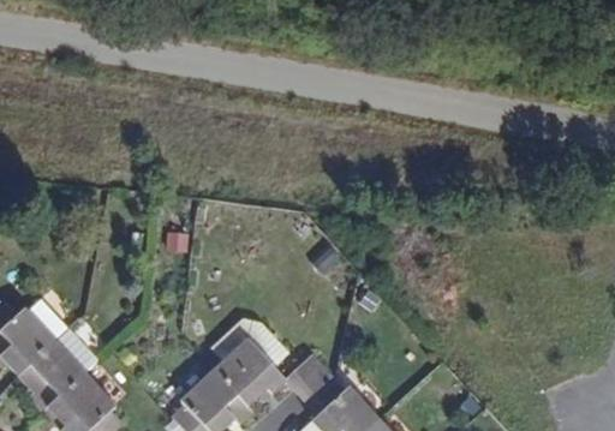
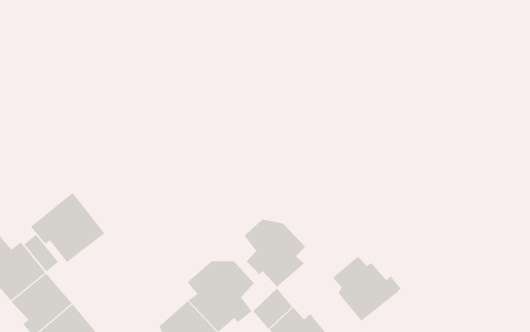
building: none -> [30,192,105,263]
building: none -> [244,219,306,288]
building: none -> [332,256,401,322]

